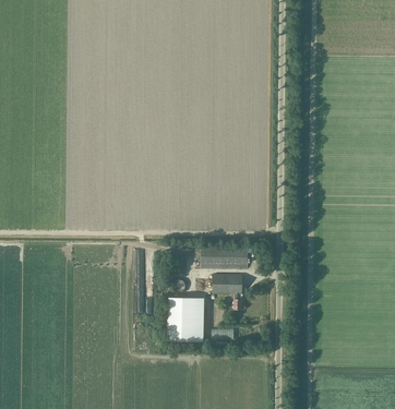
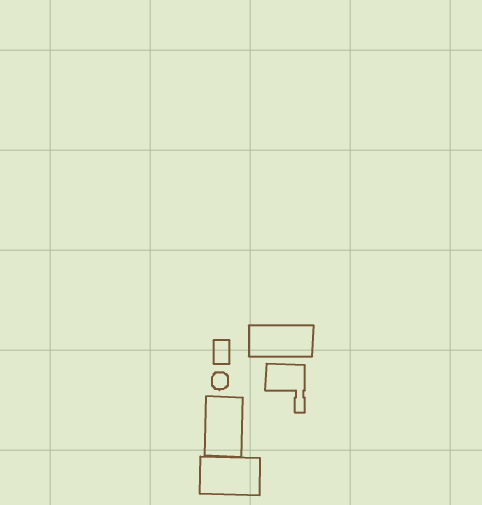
building: none -> [200,456,260,495]

